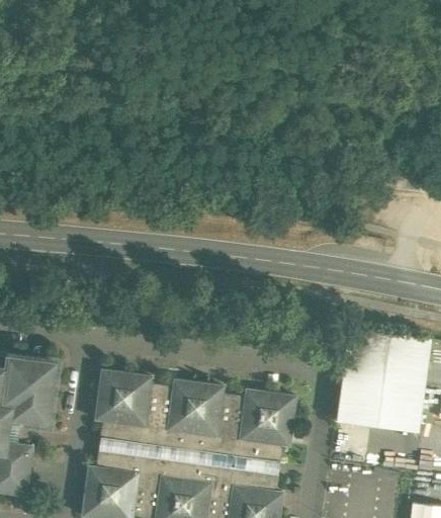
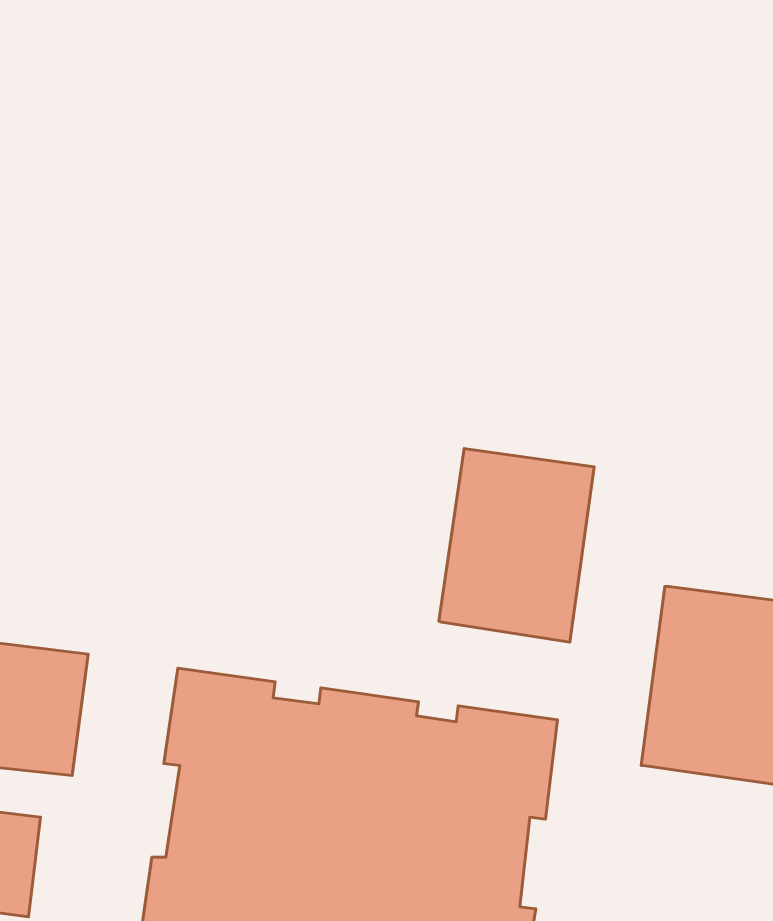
building: none -> [439,448,594,642]

